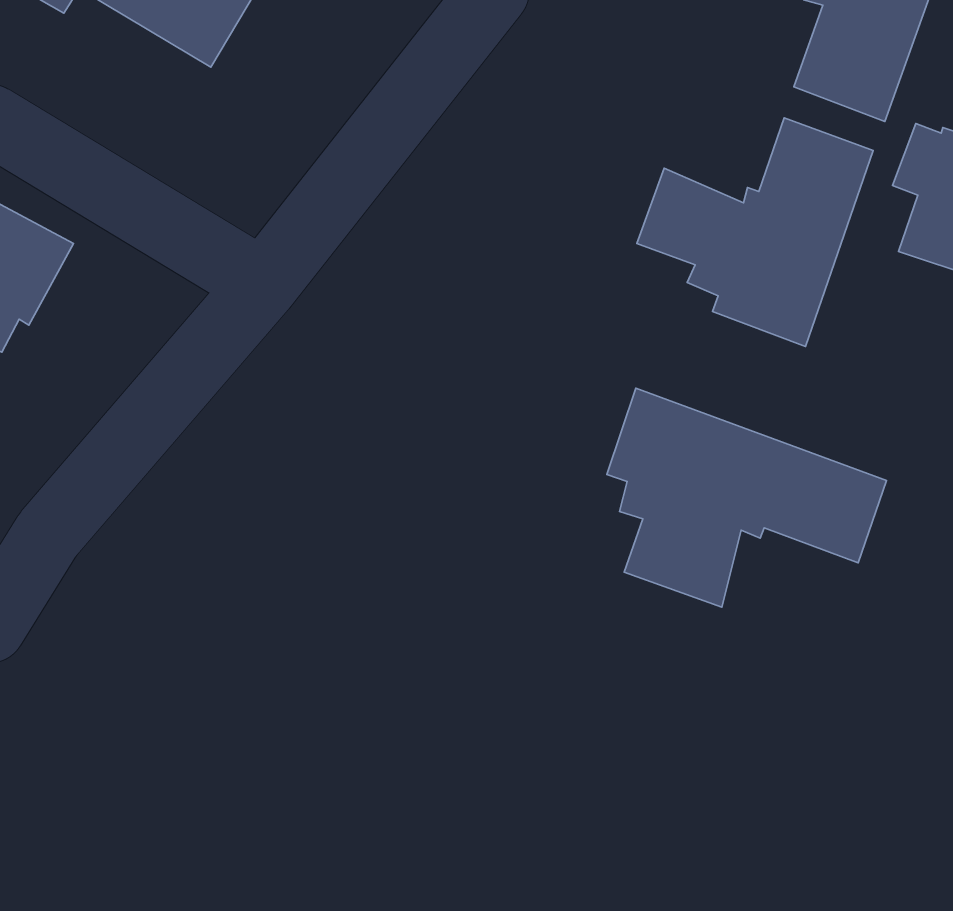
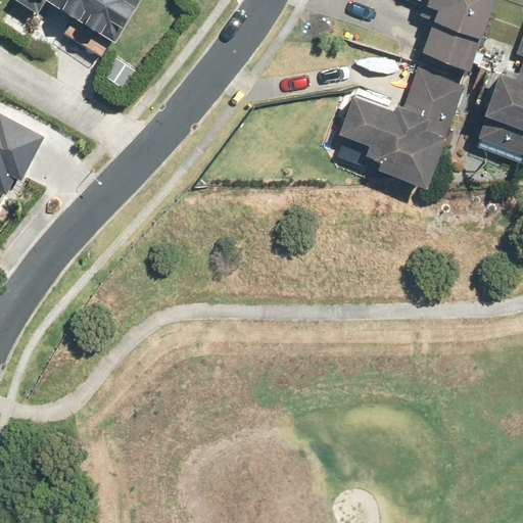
building: [607,388,887,607] -> none

